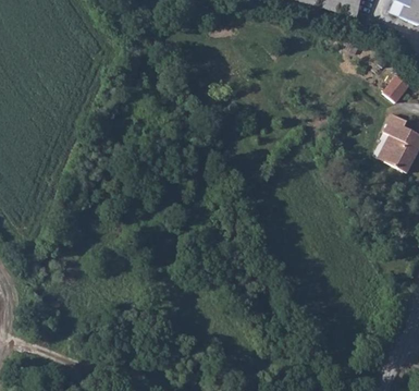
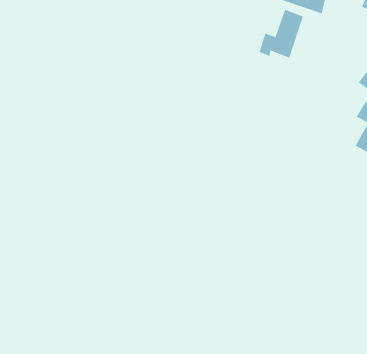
building: none -> [259,9,304,59]

